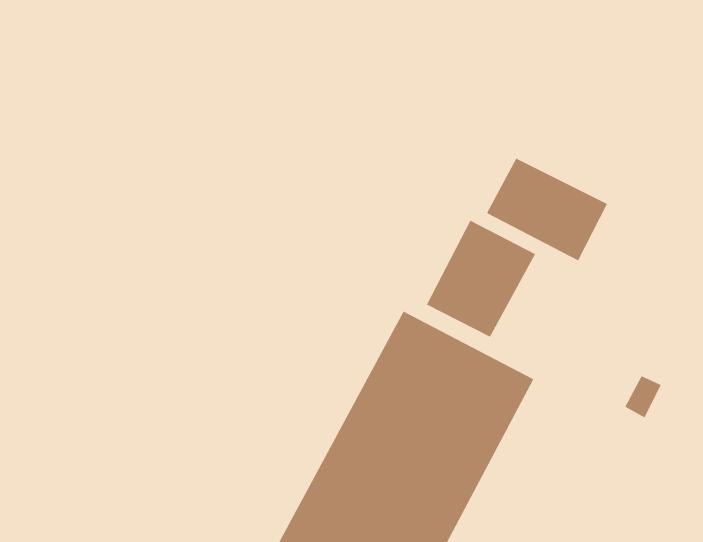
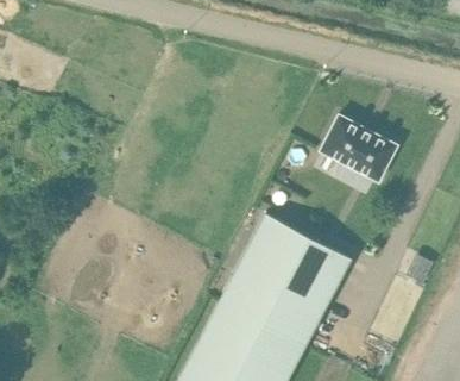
building: [426,220,536,337] -> none

